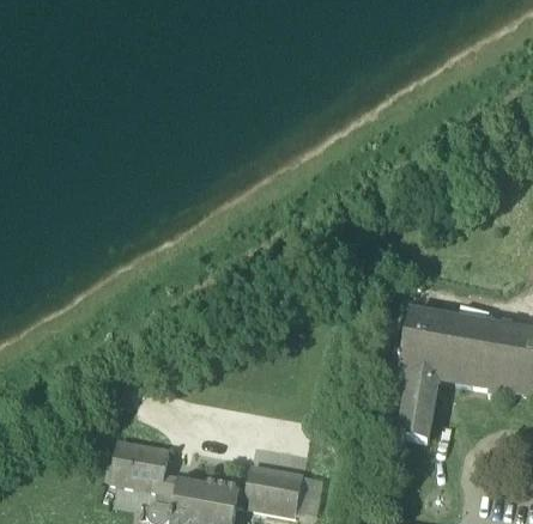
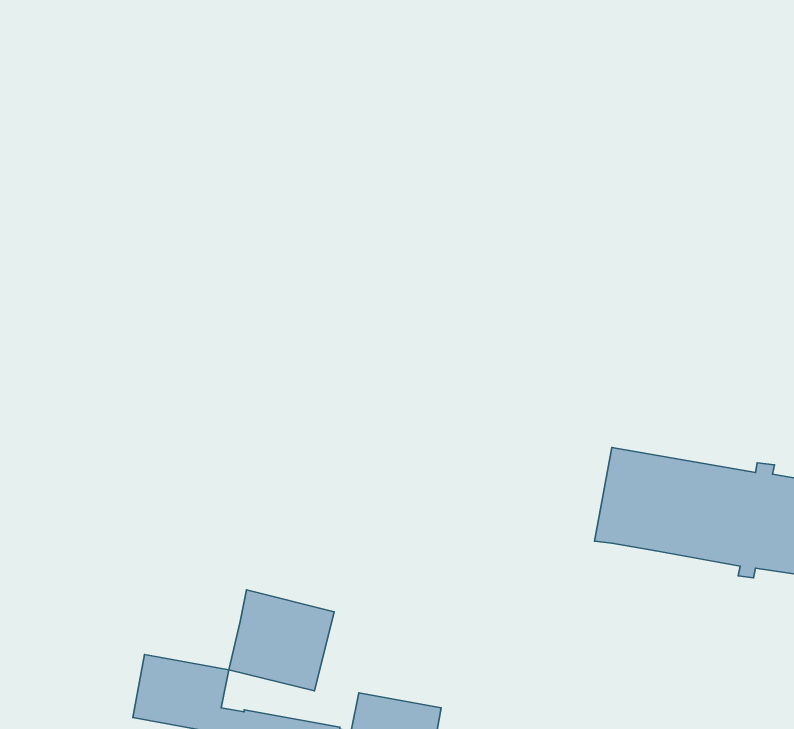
building: [398,371,436,438] -> none
building: none -> [229,590,334,691]

